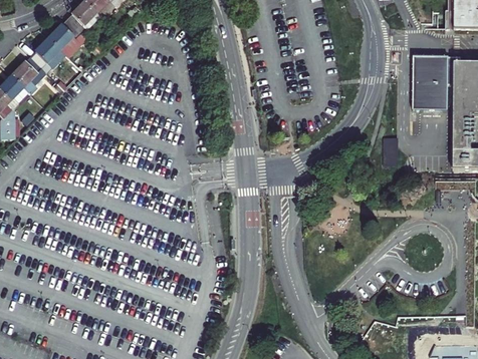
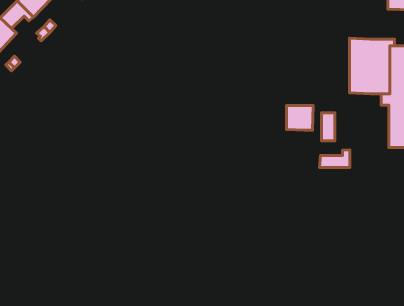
building: none -> [286,106,313,130]
building: none -> [319,150,350,168]

